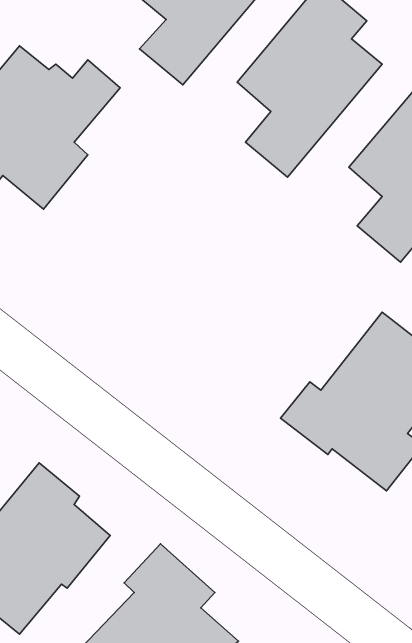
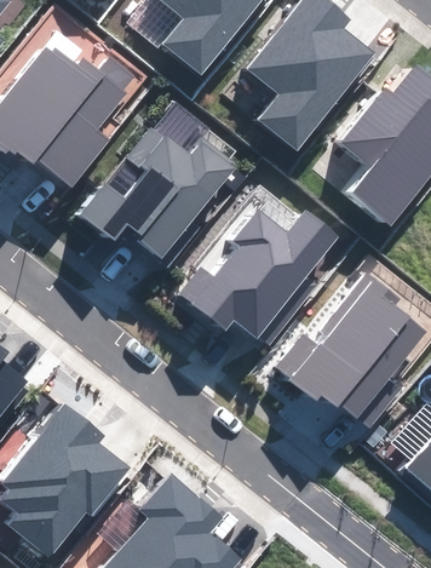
building: none -> [81,127,235,256]
building: none -> [180,208,337,344]

